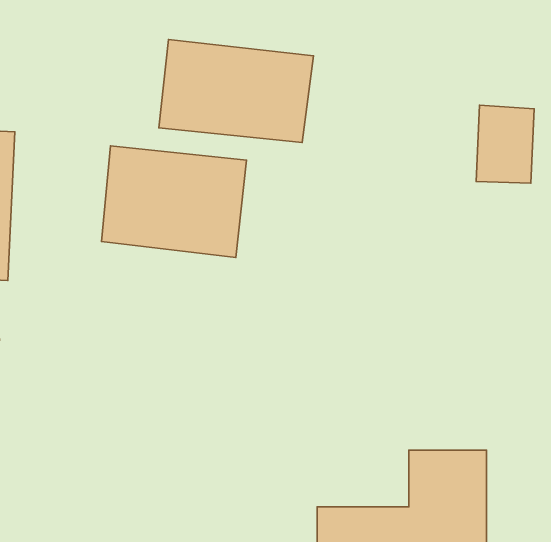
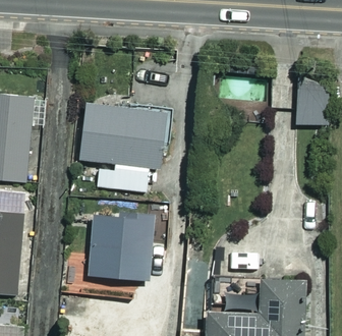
building: [159,39,313,142] -> none
building: none -> [91,214,148,280]

